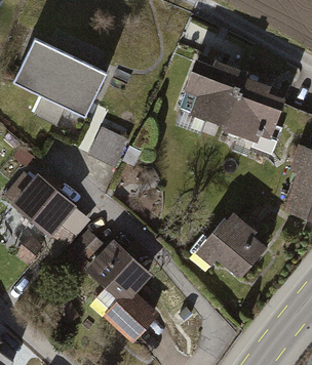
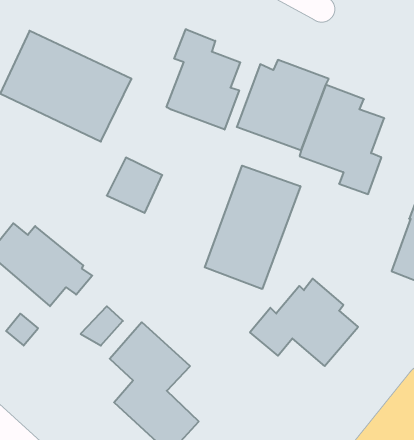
building: none -> [167,29,240,130]
building: none -> [205,166,300,289]

